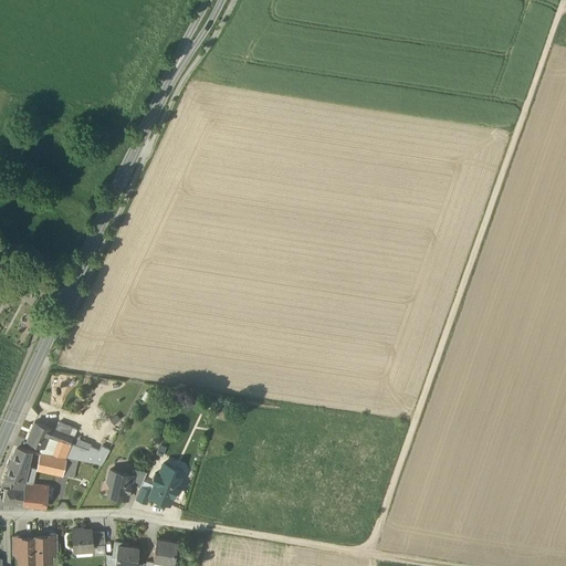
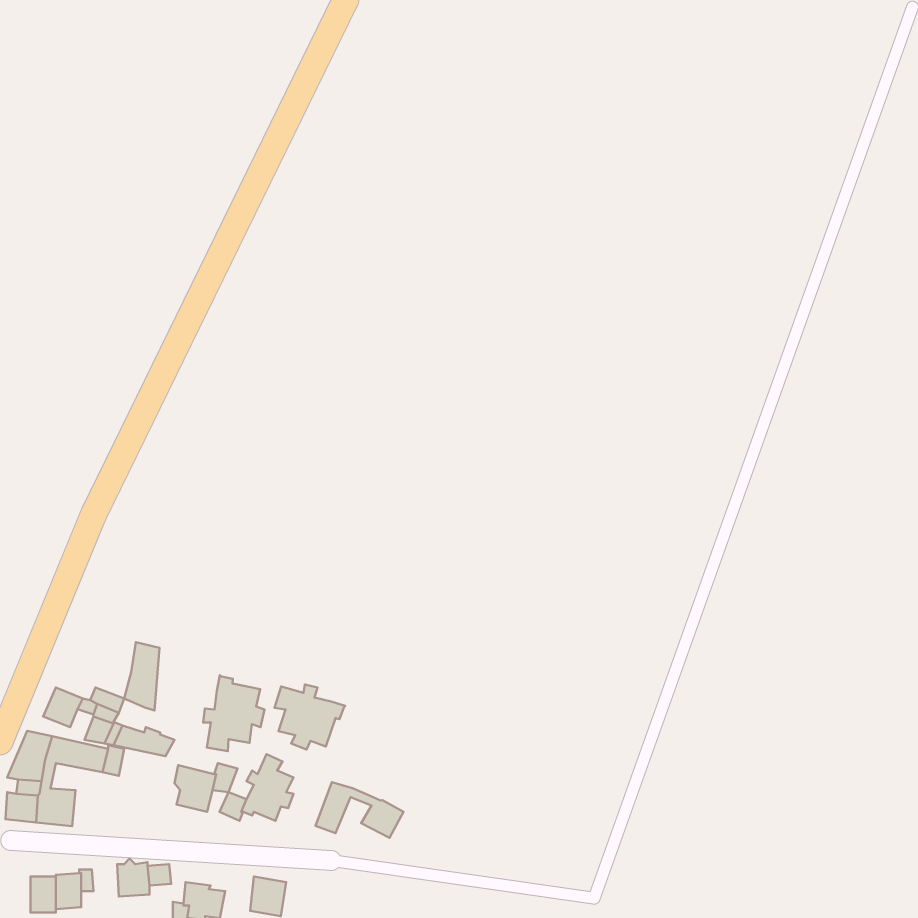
building: none -> [124,642,159,710]
building: none -> [203,675,265,751]
building: none -> [274,685,345,749]
building: none -> [316,782,403,838]

